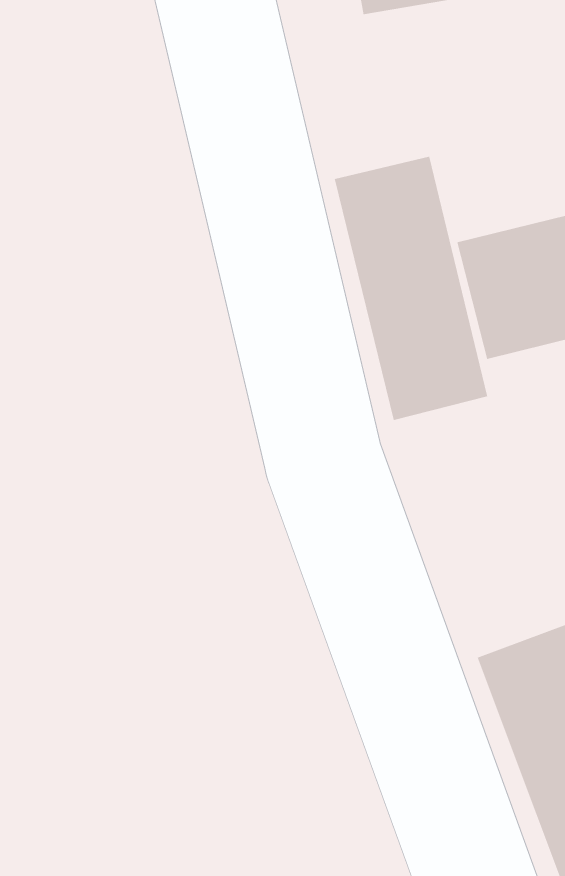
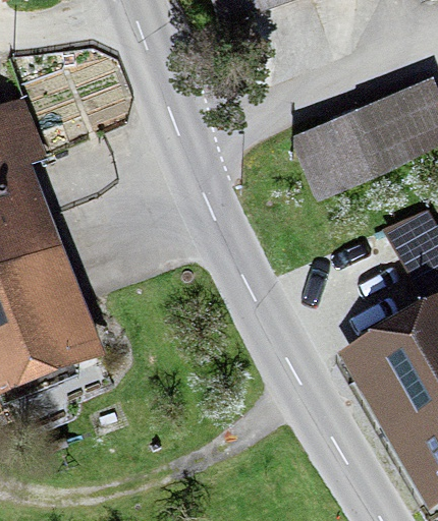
building: [334,156,488,421] -> none

